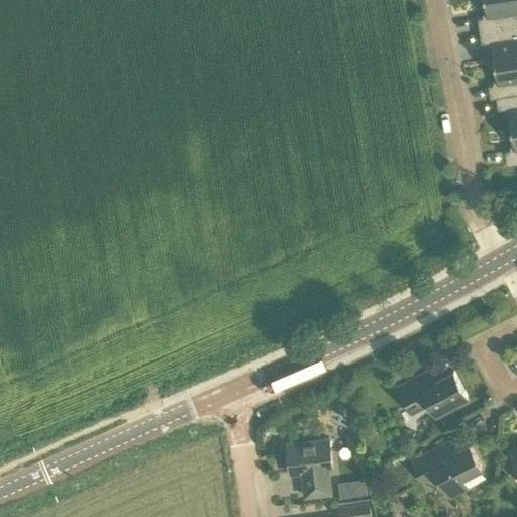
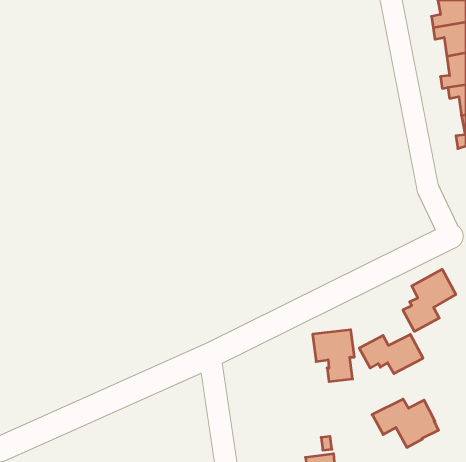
building: none -> [403,269,456,331]
building: [287,442,333,500] -> [313,330,354,382]

